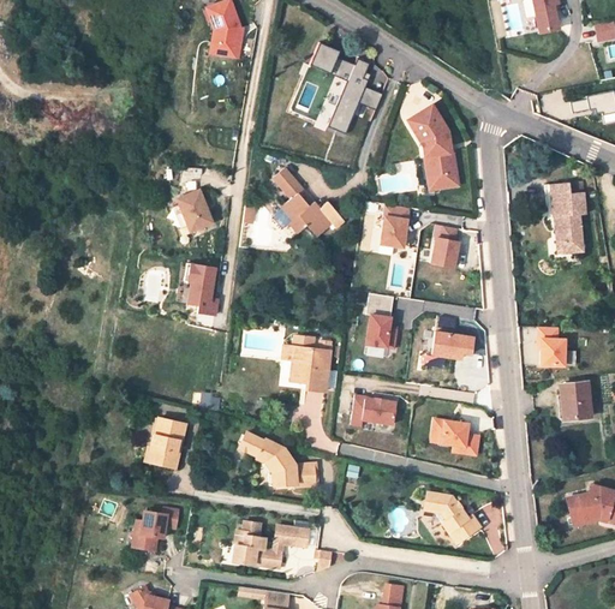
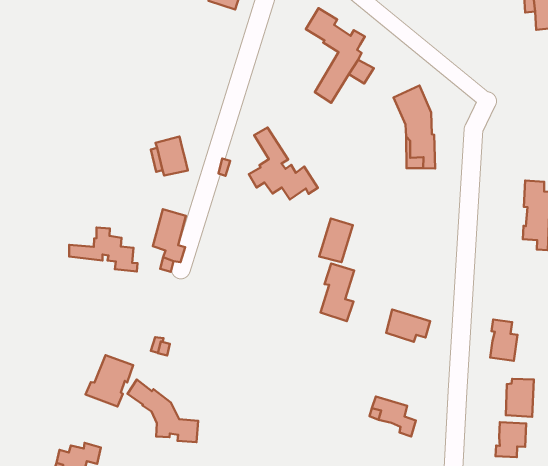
building: [380,204,408,246] -> [319,218,353,262]
building: [431,226,458,267] -> none
building: none -> [69,228,137,272]
building: [282,335,332,390] -> none
building: [350,399,394,425] -> none
building: none -> [496,422,526,457]
building: [239,431,315,486] -> [127,379,198,442]

